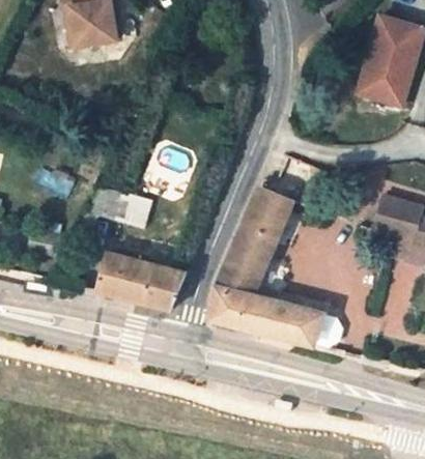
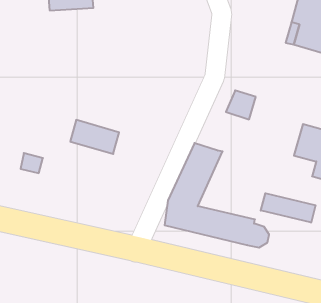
building: [247,189,284,225] -> [226,90,256,119]
building: [94,251,183,308] -> none
building: none -> [261,193,316,223]

